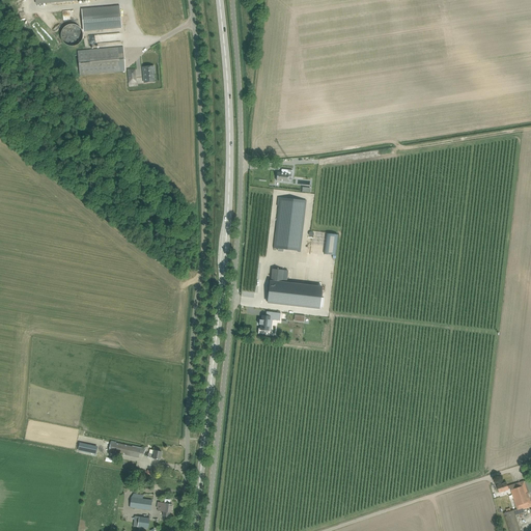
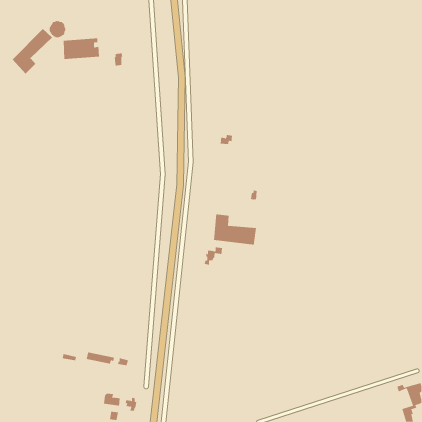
building: [91,5,122,29] -> none
building: none -> [12,28,53,75]
building: [274,197,306,251] -> none

